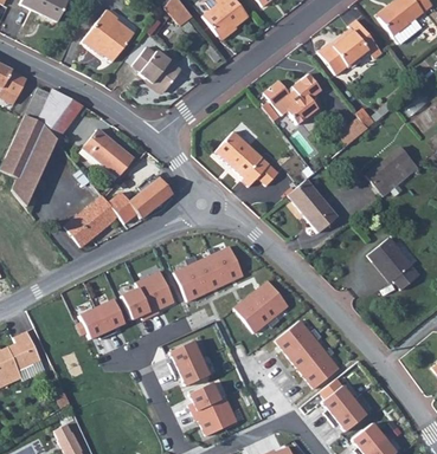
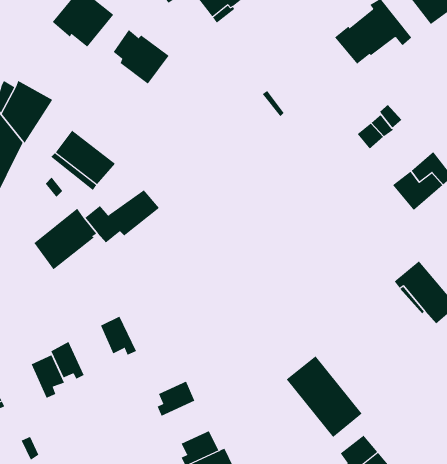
building: [262,73,323,131] -> none
building: [214,130,278,186] -> none
building: [287,180,338,234] -> none
building: [175,245,244,299] -> none
building: [136,270,175,314] -> none
building: [236,279,289,331] -> none
building: [96,298,124,335] -> [31,354,65,398]
building: [173,356,210,384] -> none

